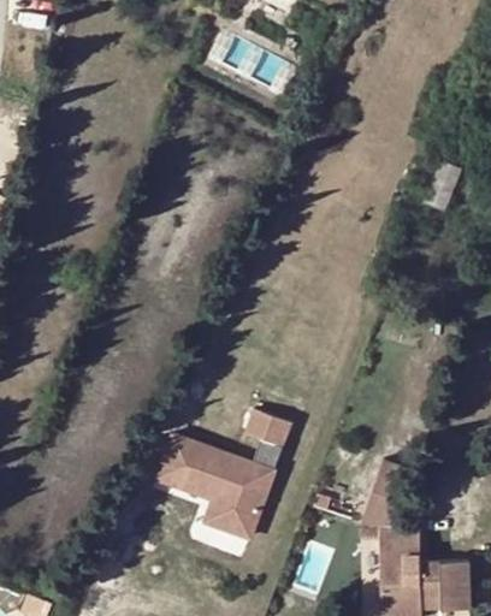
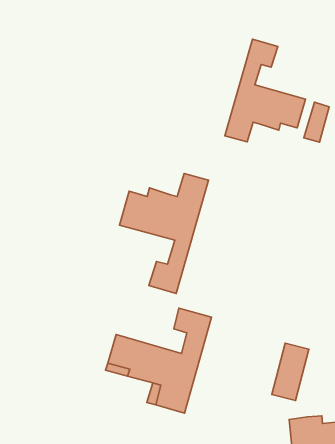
building: none -> [225,39,305,142]
building: none -> [120,173,208,294]

